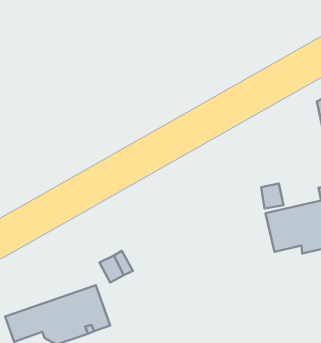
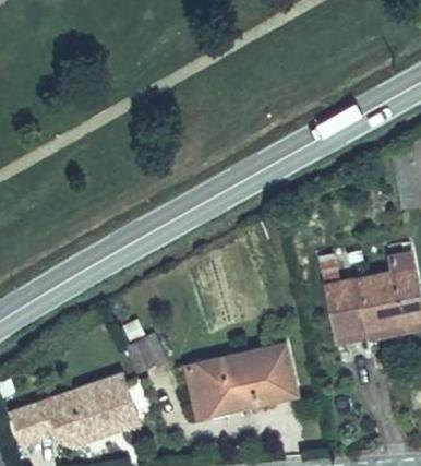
building: none -> [184,344,296,416]

